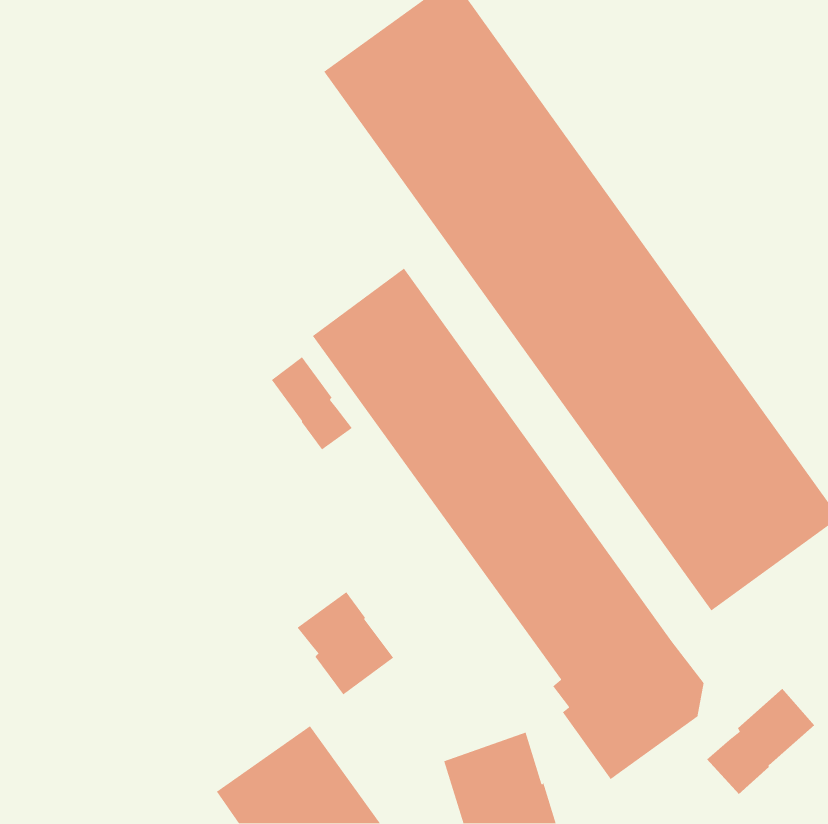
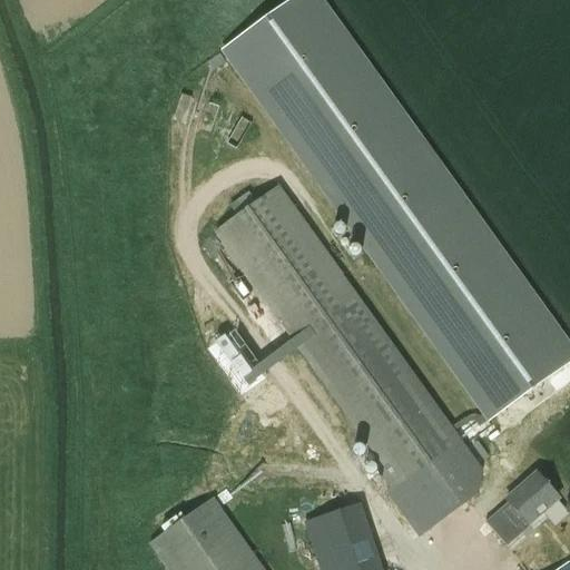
building: [271,356,353,451] -> none
building: [296,591,394,696] -> none

